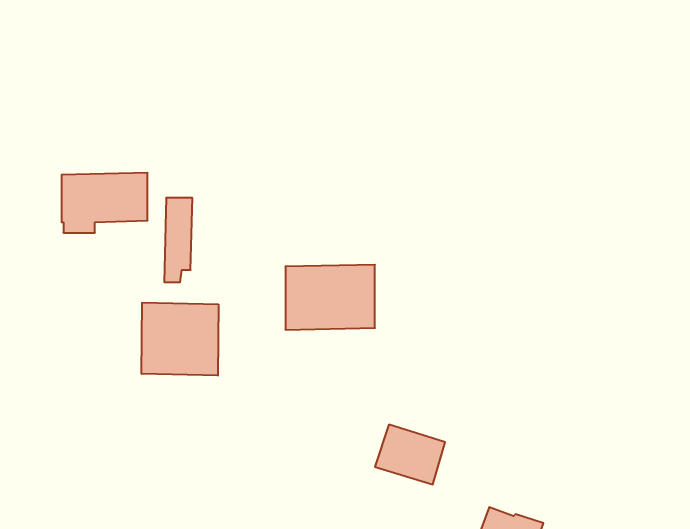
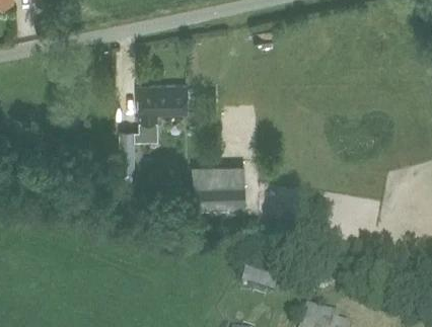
building: [62,173,148,233] -> [140,88,190,122]
building: [142,303,218,376] -> none

